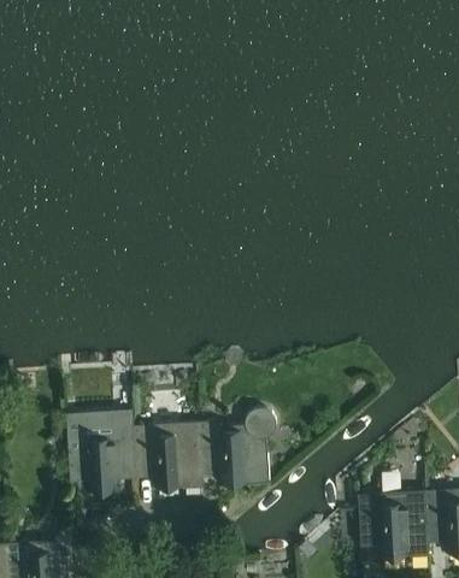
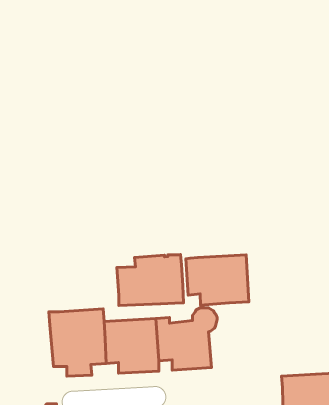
building: none -> [117,255,183,306]
building: none -> [186,255,249,305]

